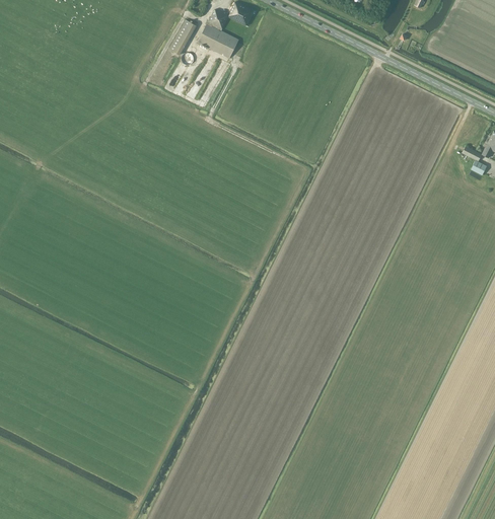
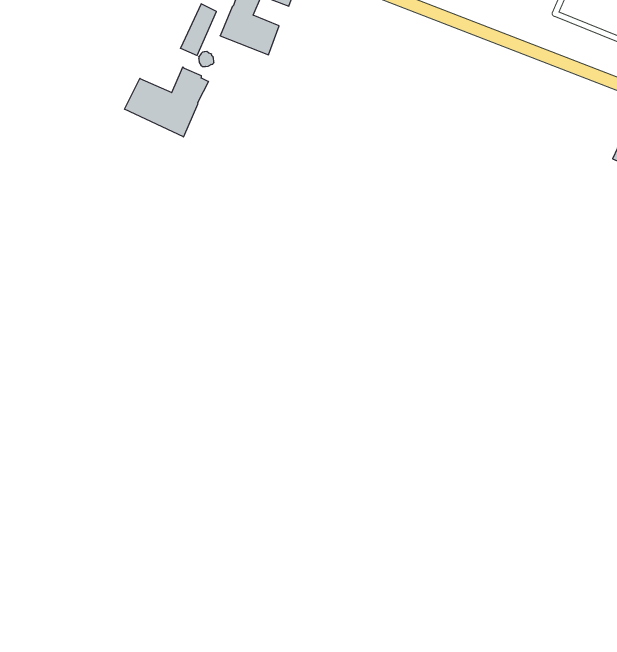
building: none -> [125,67,208,137]

